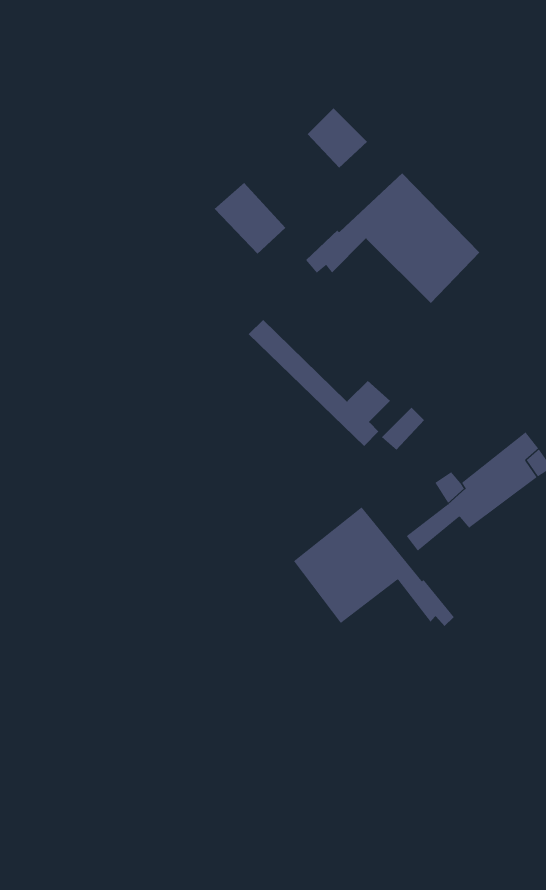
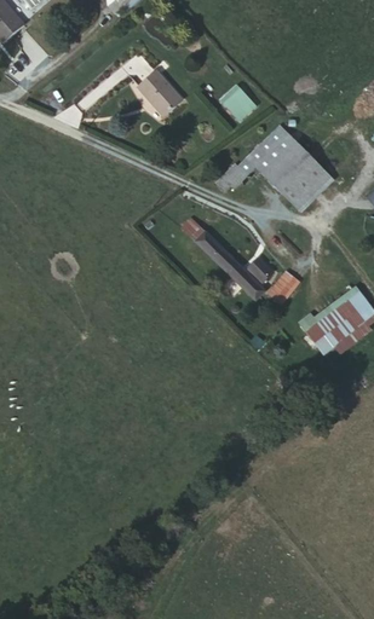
building: [214,182,286,254] -> [136,70,182,116]
building: [293,507,455,627] -> none

